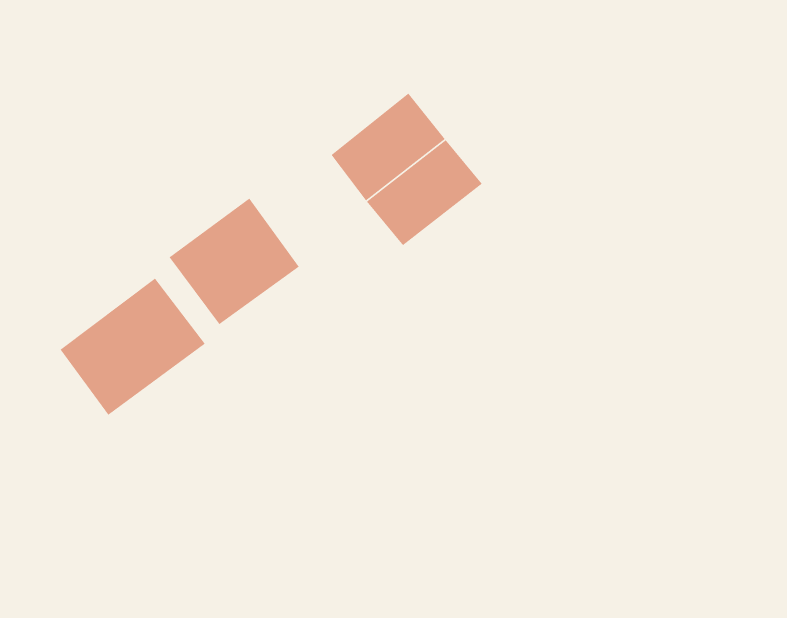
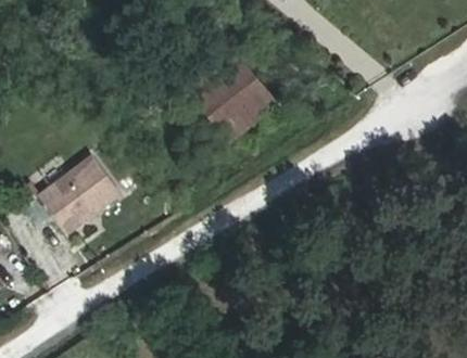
building: [169,197,300,325] -> none

